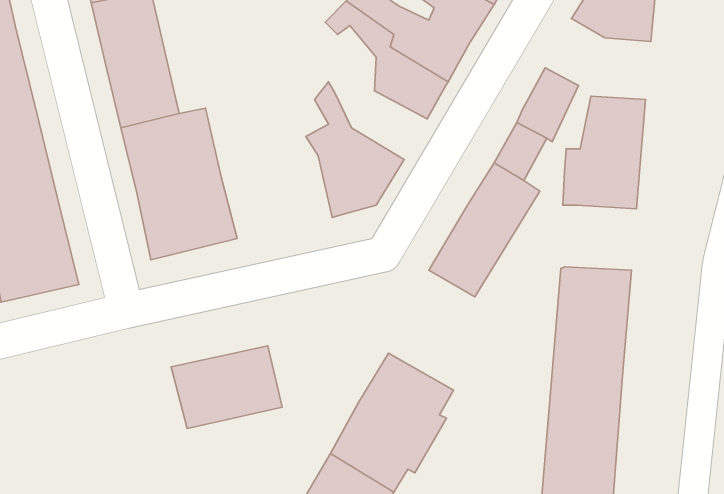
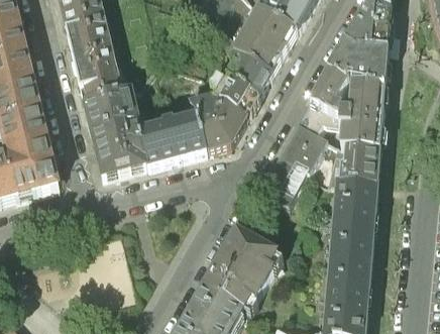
building: none -> [327,36,388,83]
building: none -> [207,78,259,117]
building: none -> [338,143,379,181]
building: [171,346,282,428] -> [141,115,205,162]

